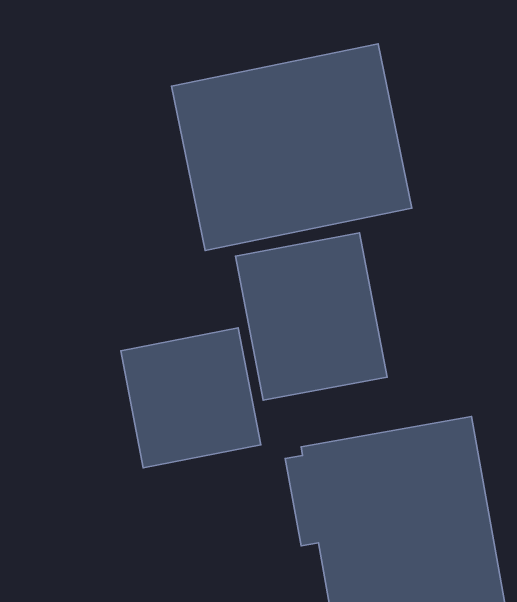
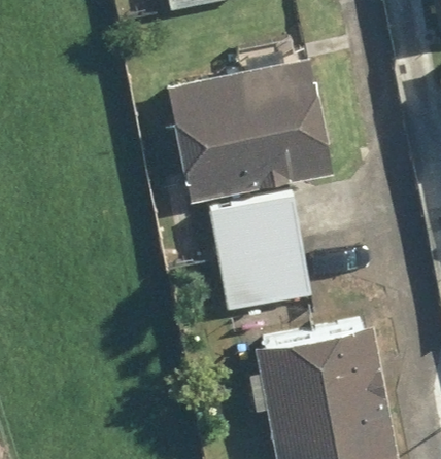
building: [121,328,261,468] -> none

